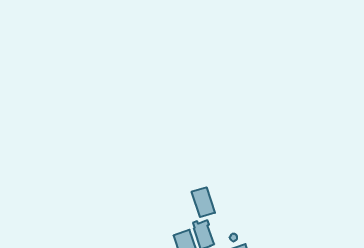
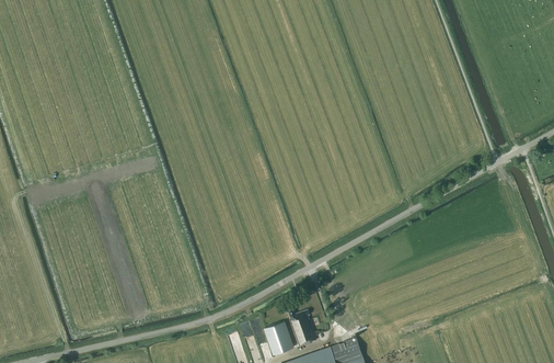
building: [192,187,215,217] -> none

